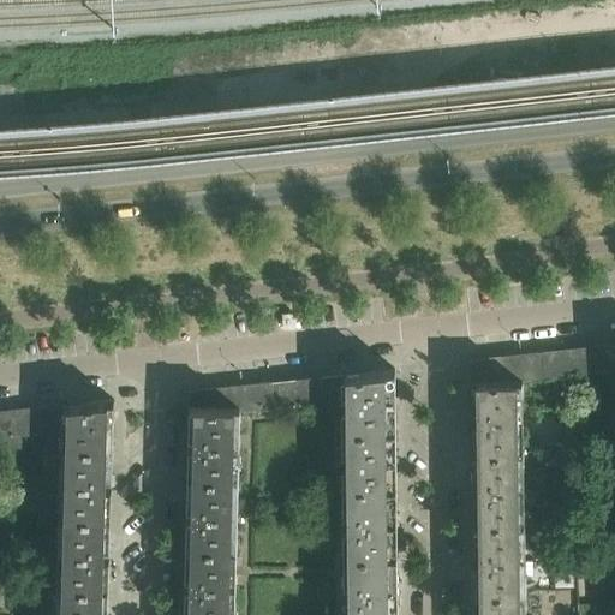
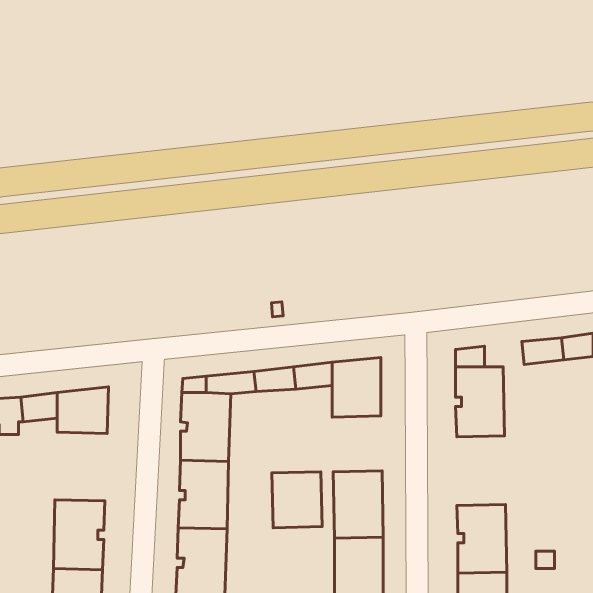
building: [500,354,541,381] -> none
building: [342,431,394,489] -> [272,472,322,528]
building: [56,448,111,519] -> none
building: [471,452,521,524] -> none

